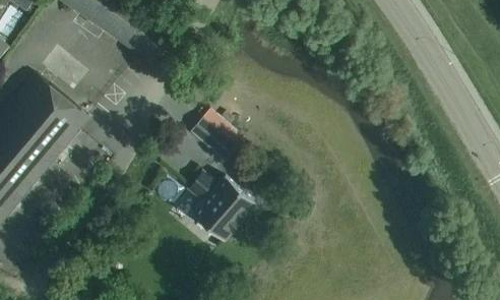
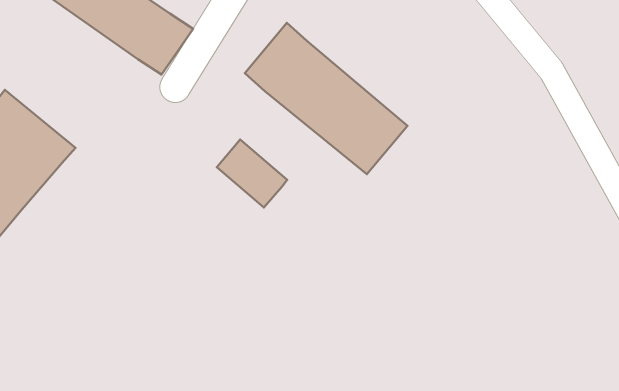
building: none -> [245,23,408,174]
building: [182,167,251,238] -> none

